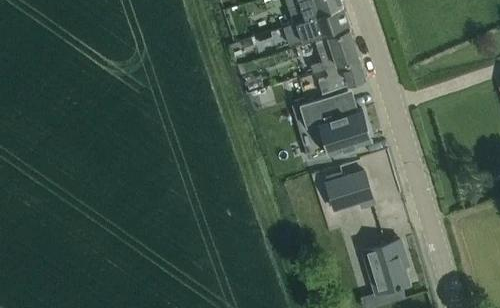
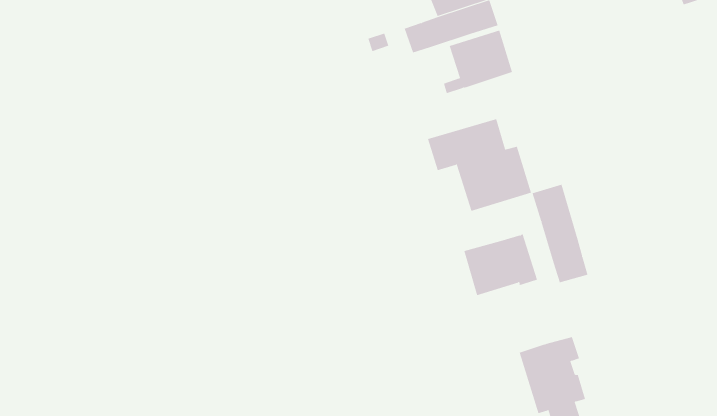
building: [318,59,364,94] -> none
building: none -> [532,184,588,283]

